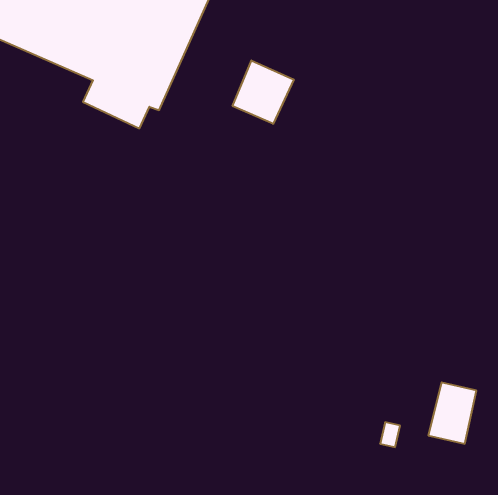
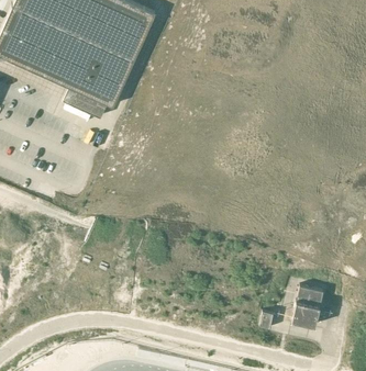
building: [233,60,294,124] -> none

